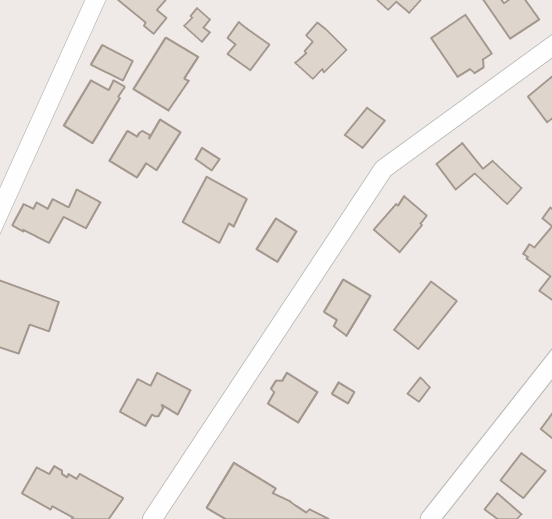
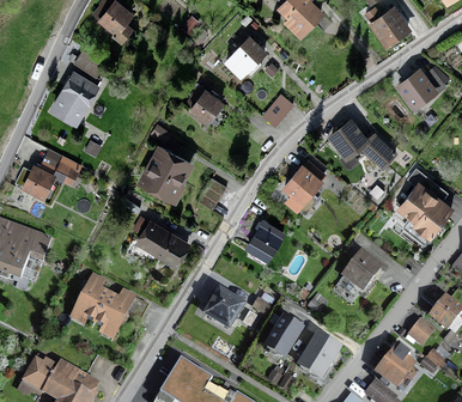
building: [431,15,492,77] -> none
building: [228,22,269,70] -> [189,85,220,121]
building: [134,38,198,111] -> none
building: [109,119,180,178] -> none
building: none -> [139,221,187,263]
building: [394,282,457,349] -> [333,254,379,304]
building: none -> [75,276,108,321]
building: none -> [266,317,302,357]
building: none -> [299,336,338,378]

